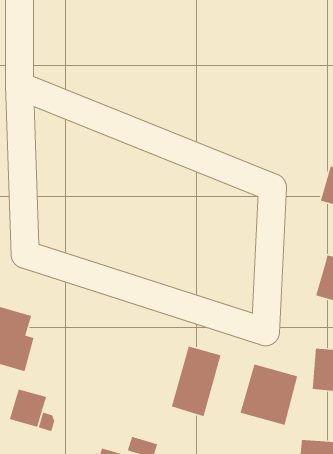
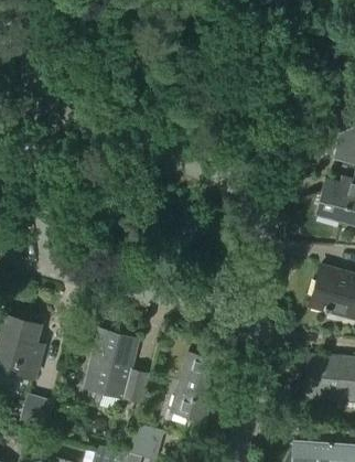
building: none -> [83,327,149,401]
building: [240,364,298,426] -> none

